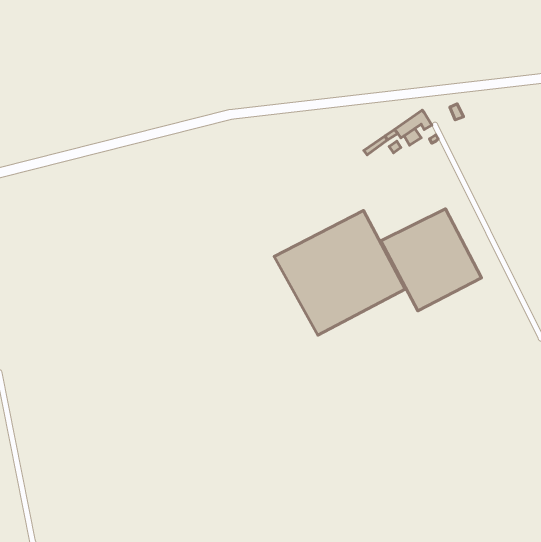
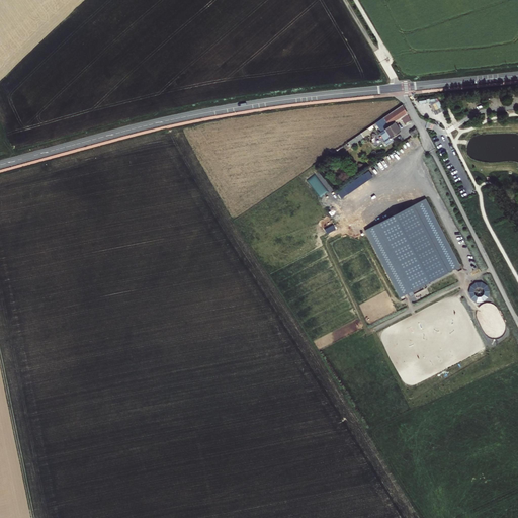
building: [274,211,405,335] -> none

